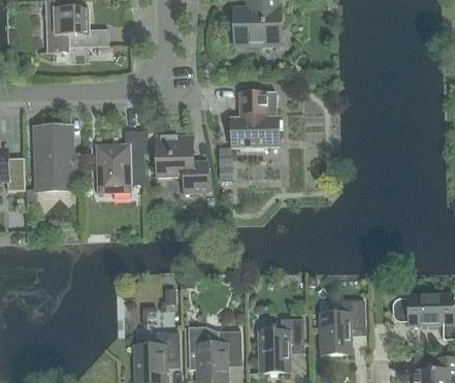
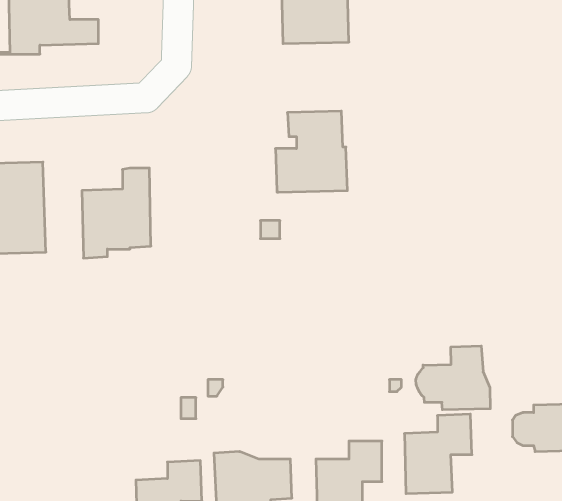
building: [155,134,208,192] -> none
building: none -> [416,346,490,410]

